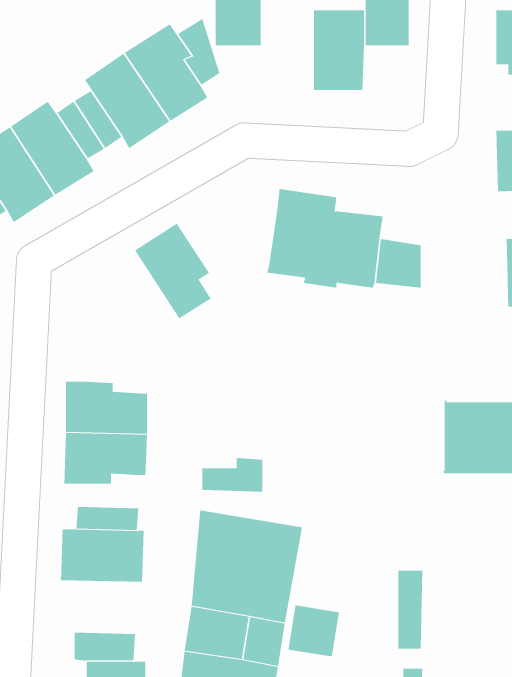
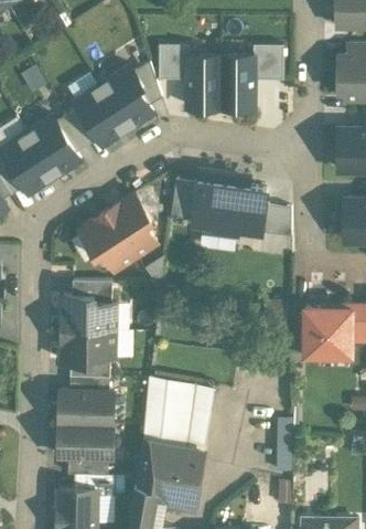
building: none -> [189,56,222,108]
building: none -> [171,180,198,220]
building: none -> [79,211,136,268]
building: none -> [73,279,112,303]
building: [201,458,263,492] -> [71,355,110,377]
building: none -> [60,423,112,457]
building: [288,605,340,657] -> none

